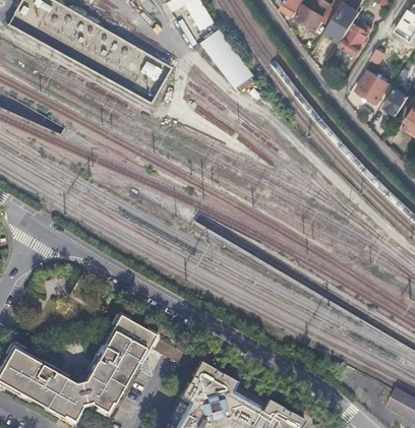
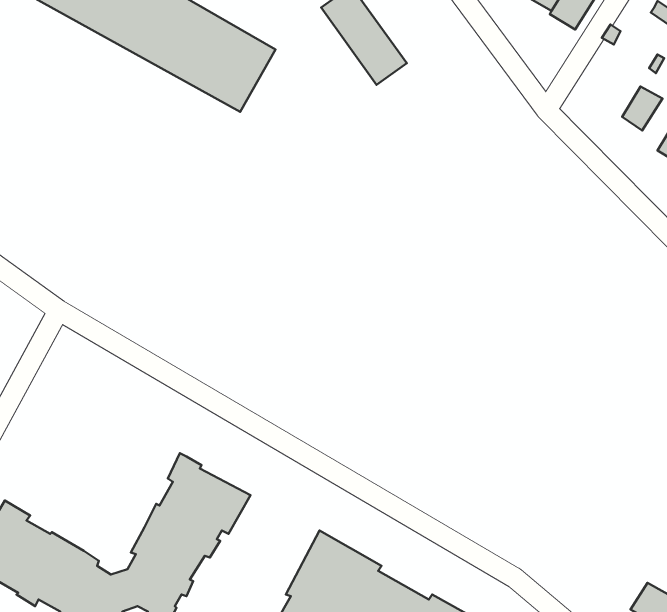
building: [357,72,389,104] -> none

